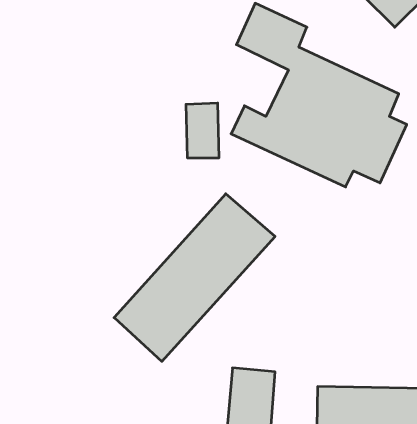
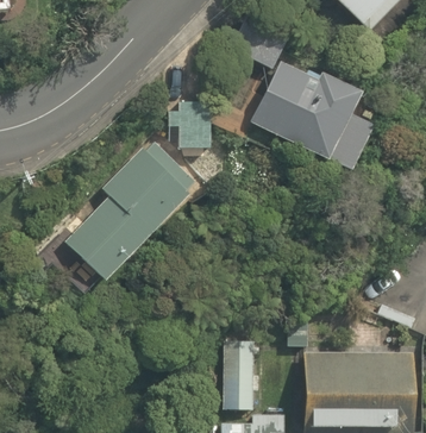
building: [114,194,275,361] -> [46,149,190,299]

